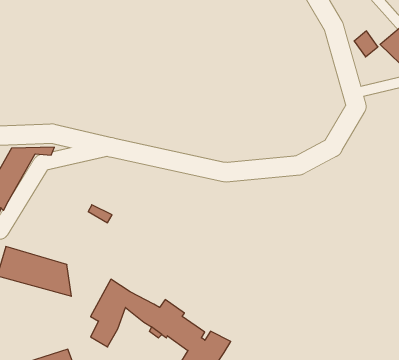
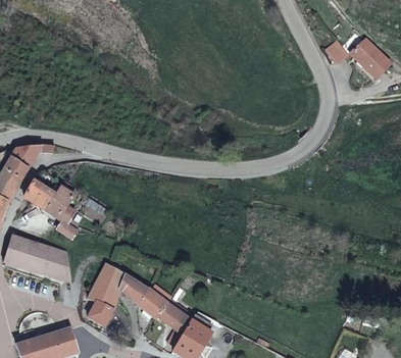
building: none -> [23,180,77,238]

